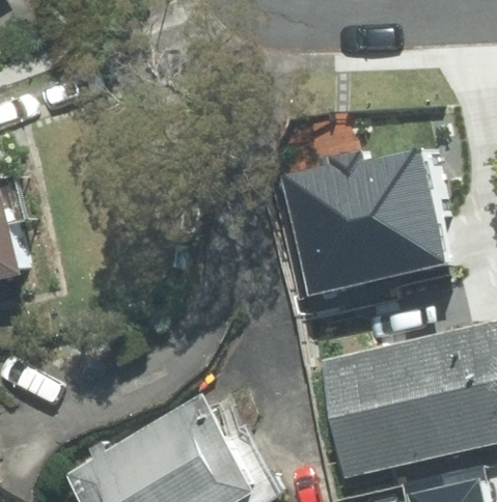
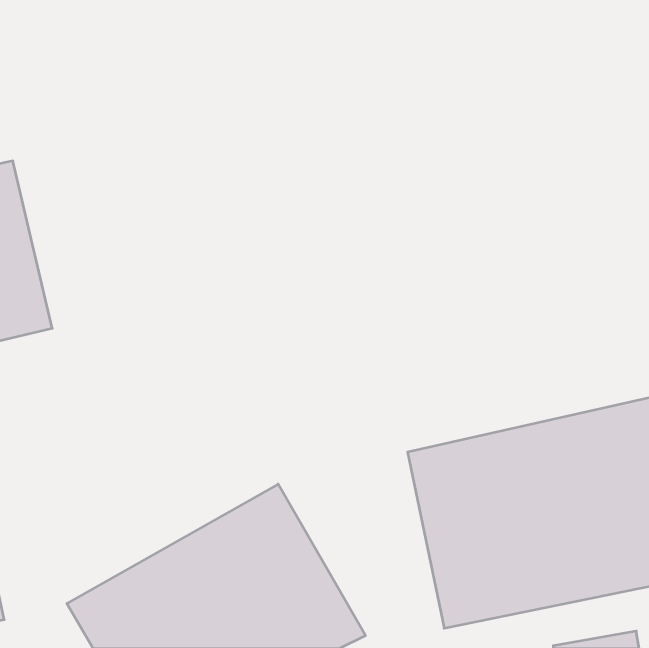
building: [278,146,444,296] -> none

